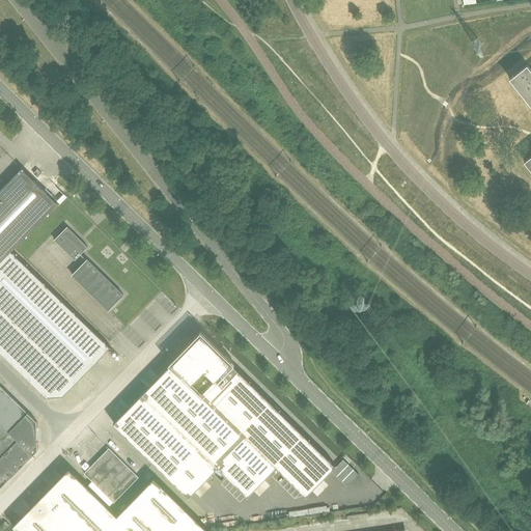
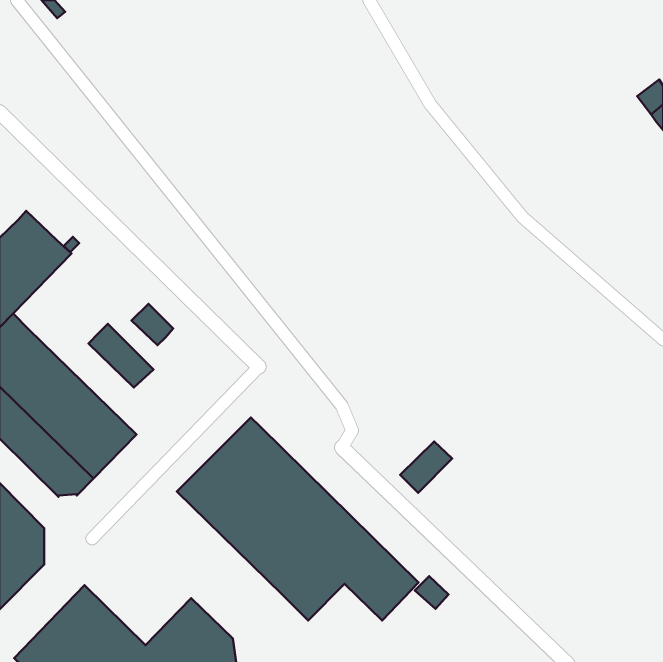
building: [53,228,86,261] -> [132,304,173,345]
building: none -> [400,442,452,493]
building: [112,394,225,498] -> none
building: [83,449,137,504] -> none

